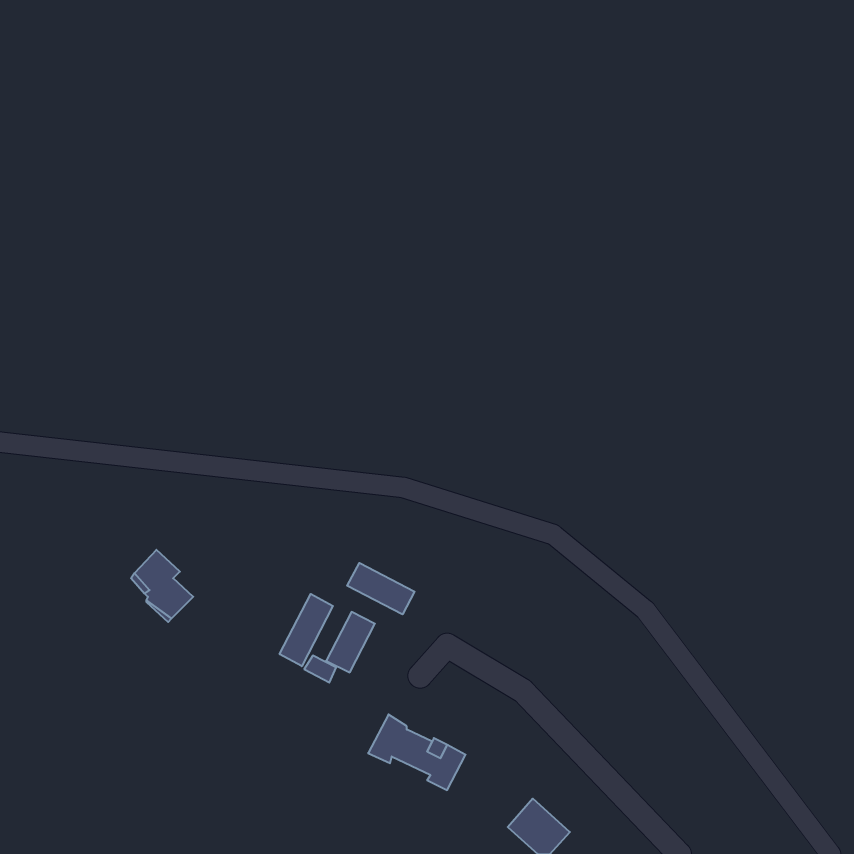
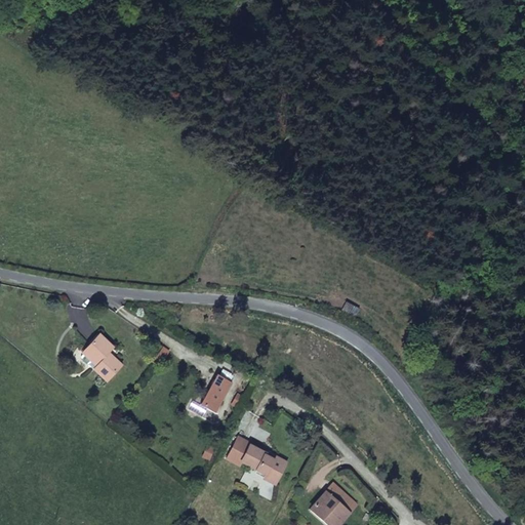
building: [347,563,415,614] -> none
building: [280,594,333,666] -> none

